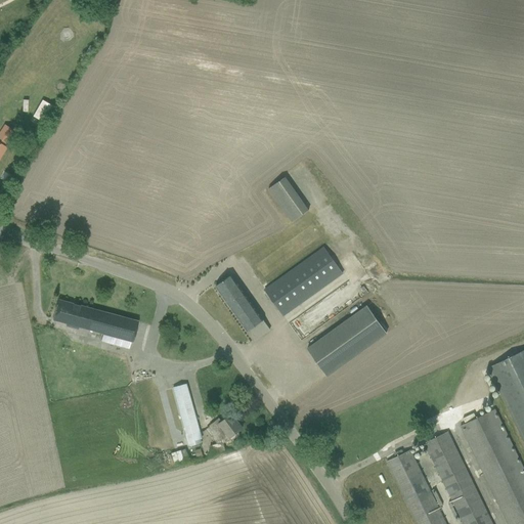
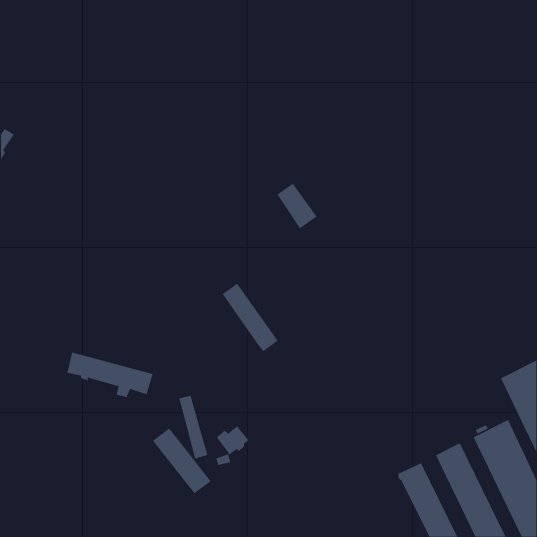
building: [264,247,343,316] -> none
building: [53,300,138,345] -> [66,352,154,398]
building: [307,306,387,377] -> none
building: none -> [152,428,211,494]

